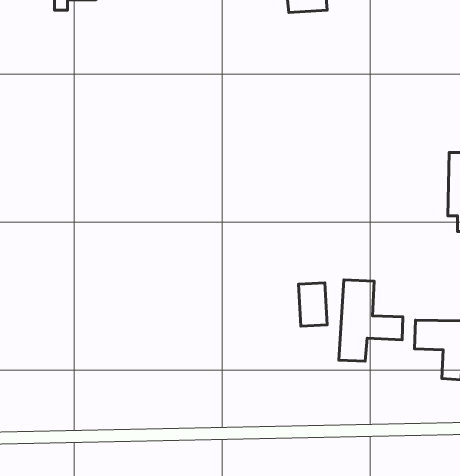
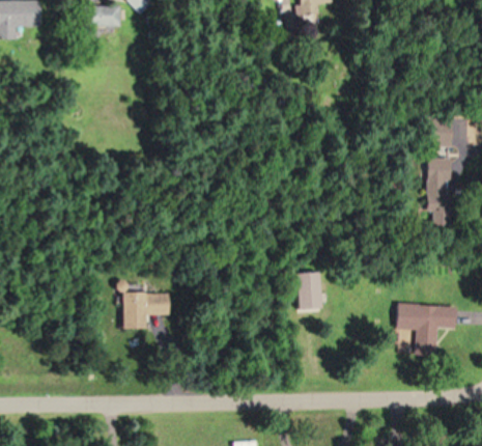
building: [339,280,403,361] -> none
building: none -> [122,292,171,330]

